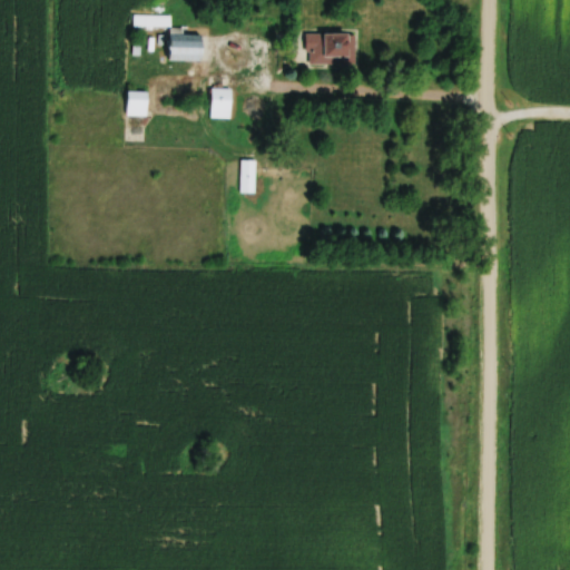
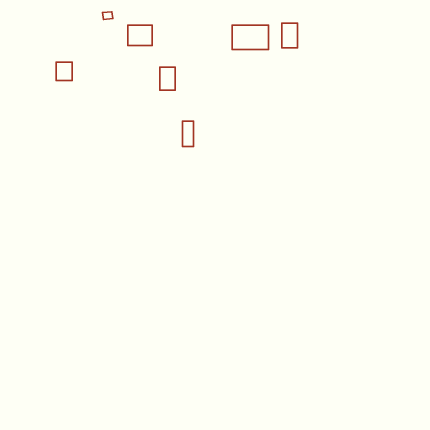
building: none -> [282,23,298,48]
building: [127,91,148,116] -> [56,62,72,81]

